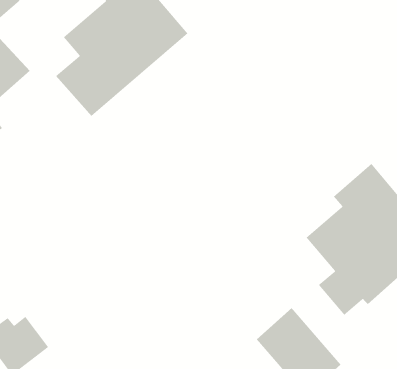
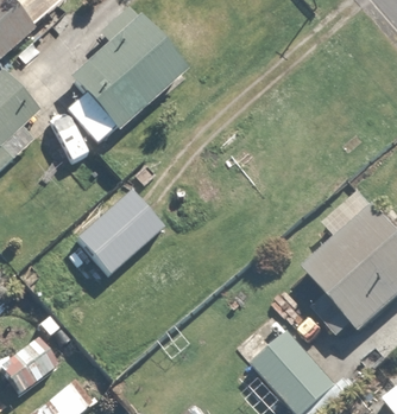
building: none -> [73,185,165,275]

